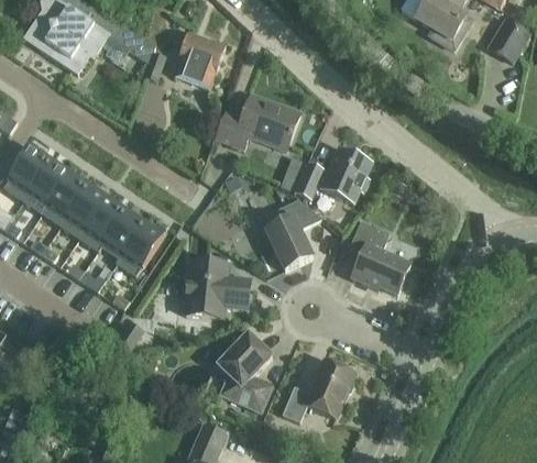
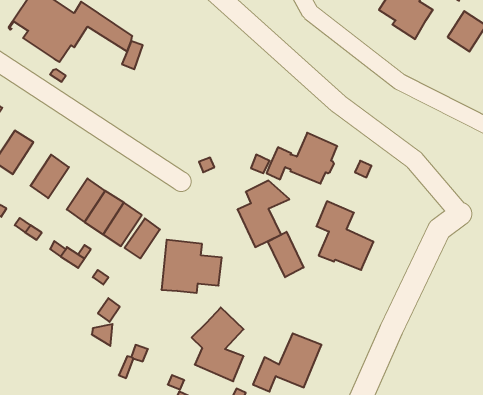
building: [175,32,224,89] -> none
building: [216,97,299,150] -> none
building: [28,158,68,205] -> none
building: [65,185,107,230] -> none
building: none -> [125,218,160,258]
building: none -> [268,232,304,277]

